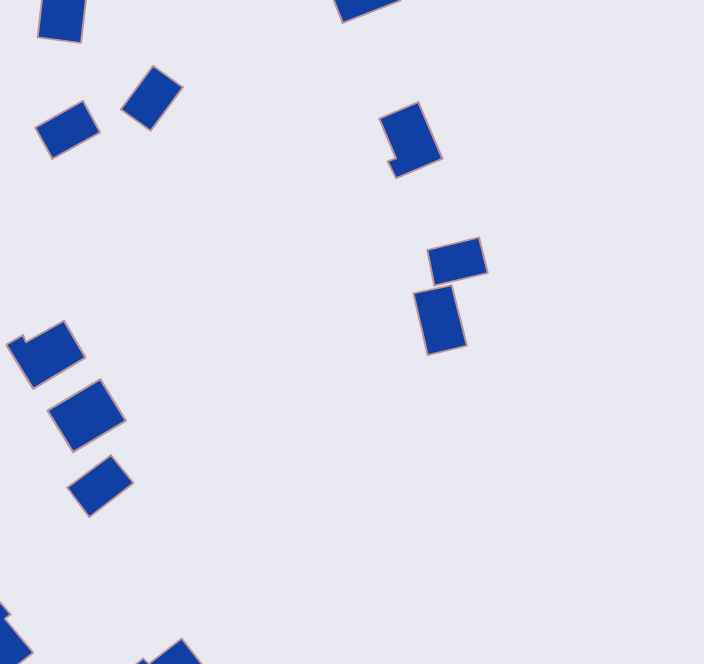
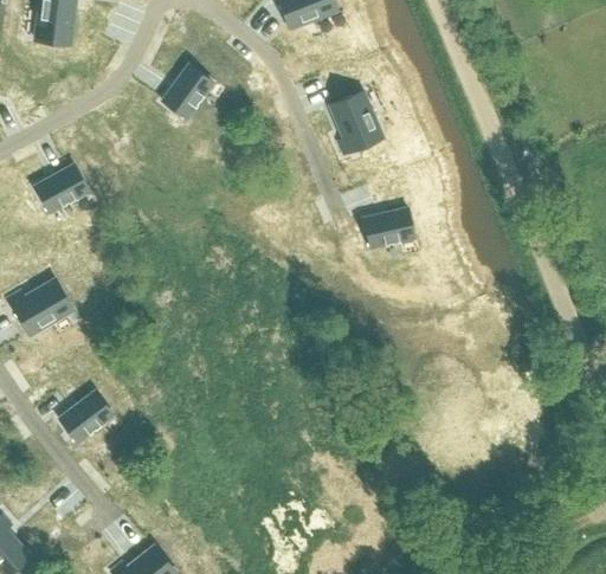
building: [121,66,183,131] -> [159,63,211,117]
building: [35,101,100,159] -> [34,161,89,209]
building: [413,285,467,355] -> none
building: [48,379,126,452] -> none

